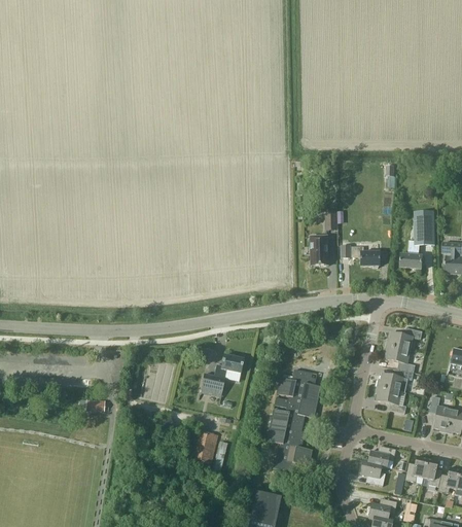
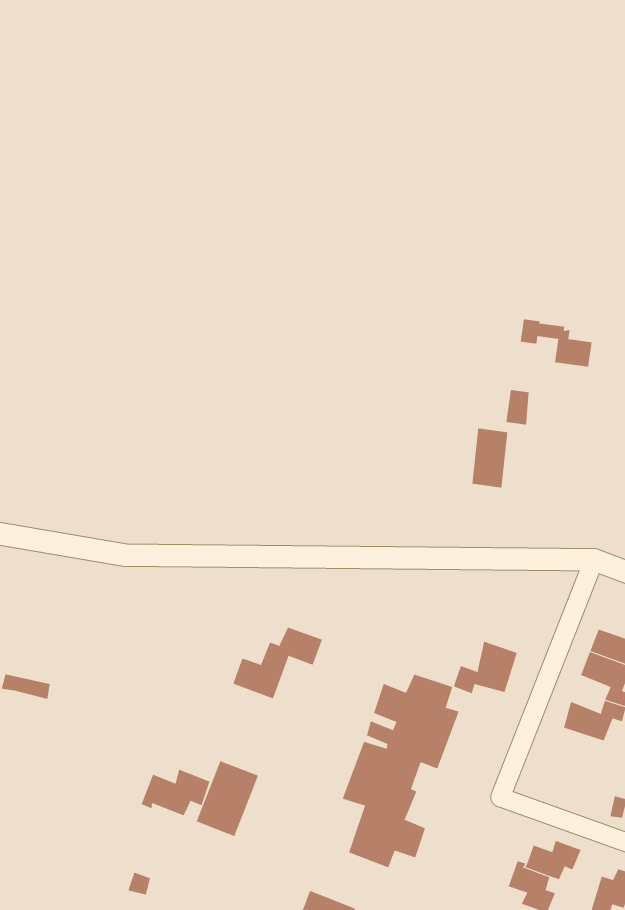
building: [341,245,379,266] -> [520,319,592,367]
building: none -> [453,641,517,694]
building: [374,387,405,414] -> none
building: none -> [141,769,210,816]

